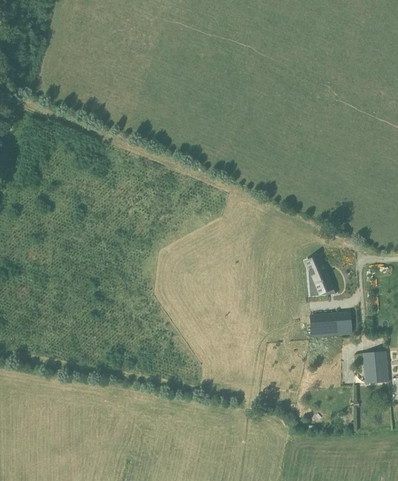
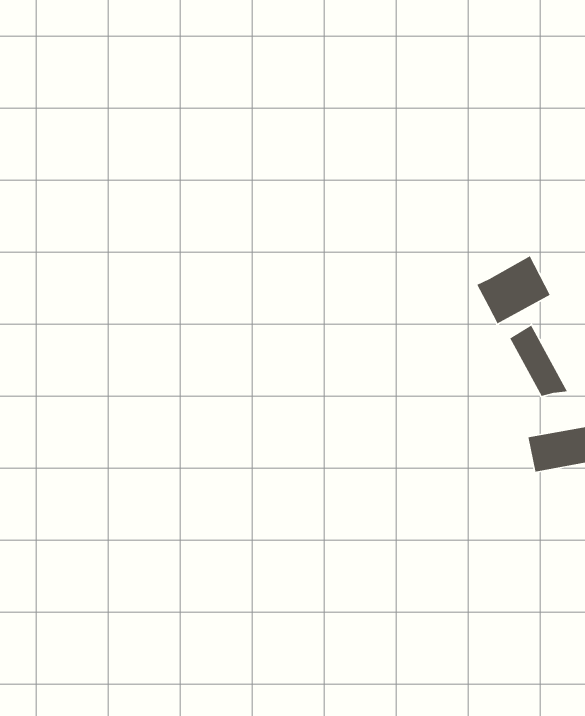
building: none -> [476,255,551,324]

